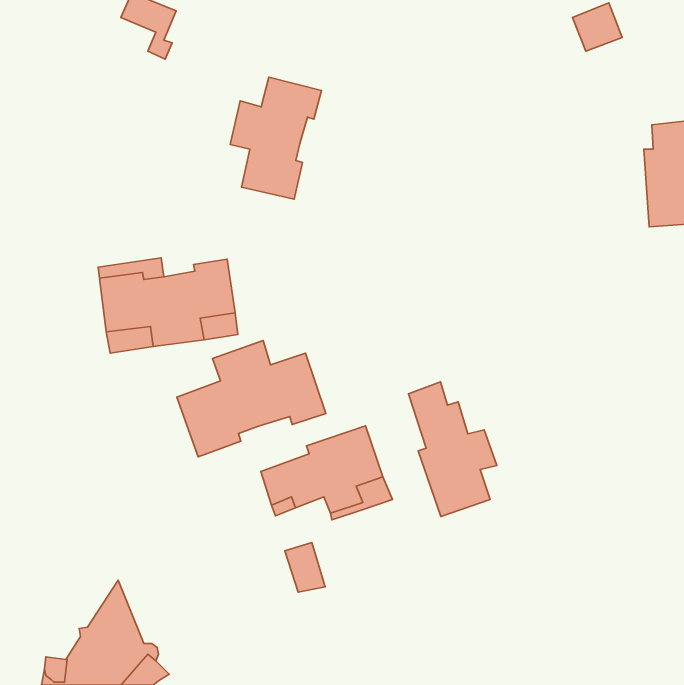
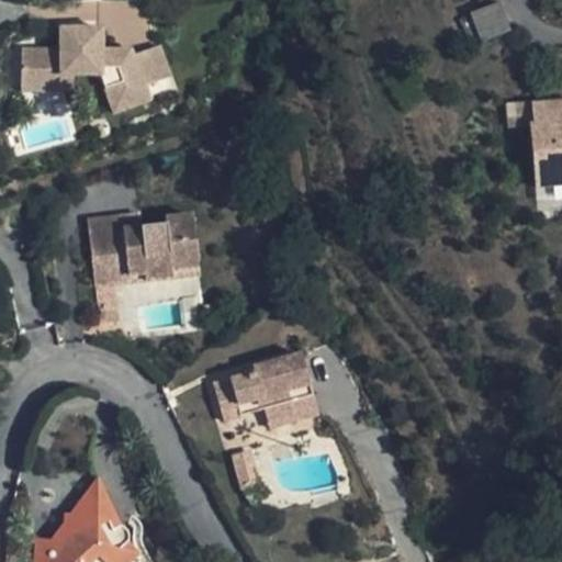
building: none -> [22,29,170,113]
building: [230,77,321,199] -> none
building: [177,340,326,457] -> none
building: [409,382,497,516] -> none

